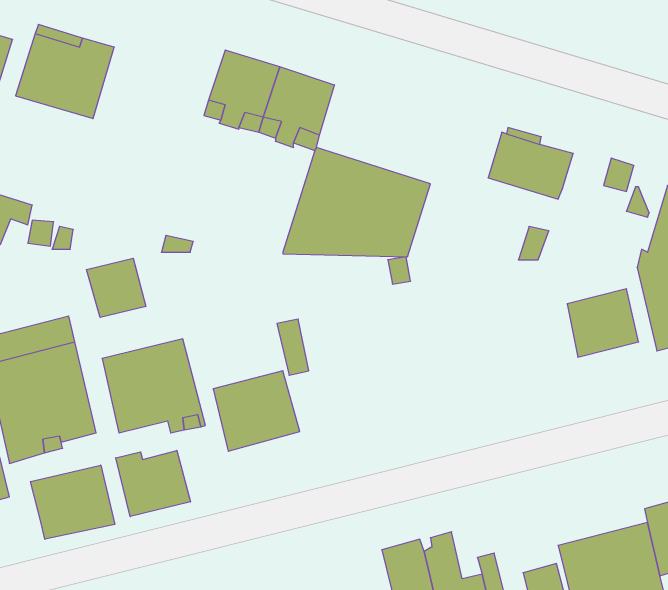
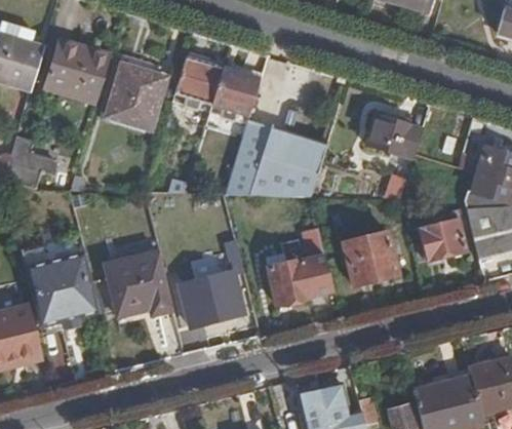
building: none -> [106,62,166,128]
building: [86,258,146,317] -> none
building: none -> [264,229,332,308]
building: none -> [342,230,396,283]
building: [116,450,190,517] -> none
building: [30,465,115,539] -> none

